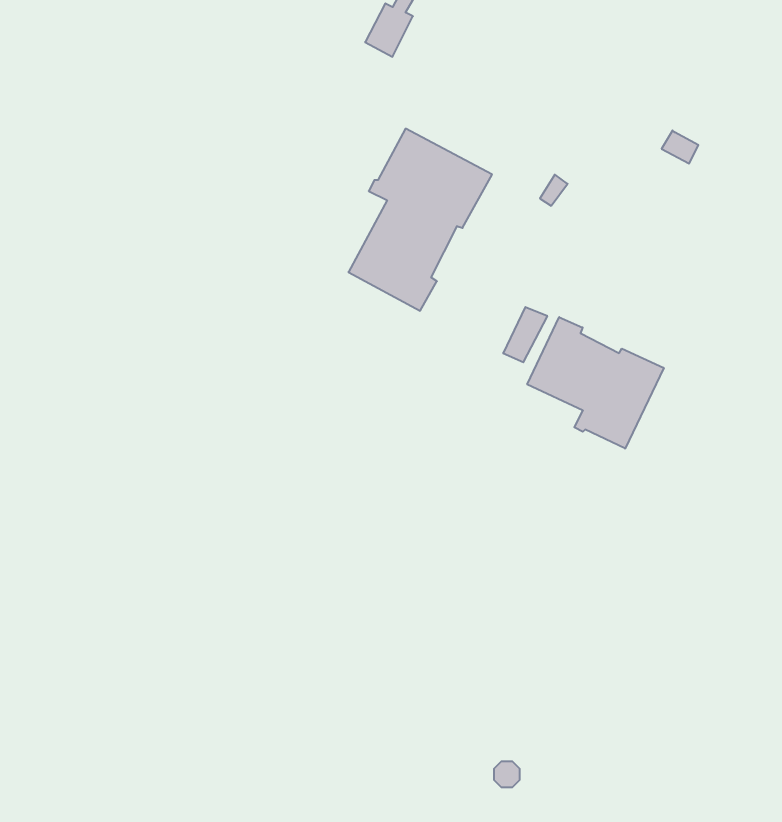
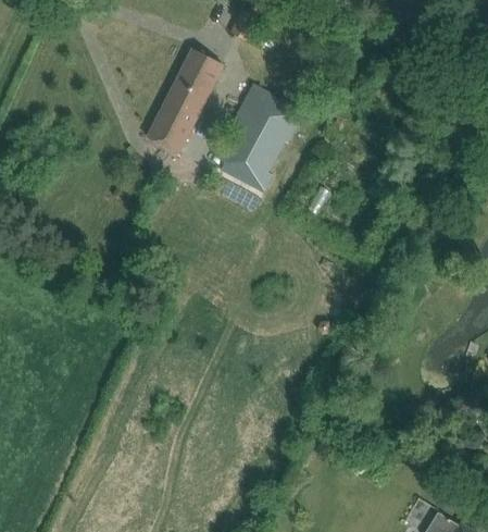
building: none -> [147,49,221,153]
building: [527,317,664,449] -> none

